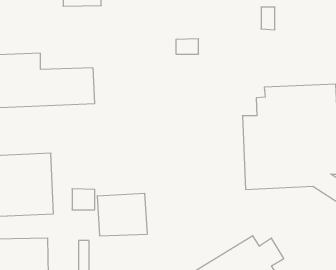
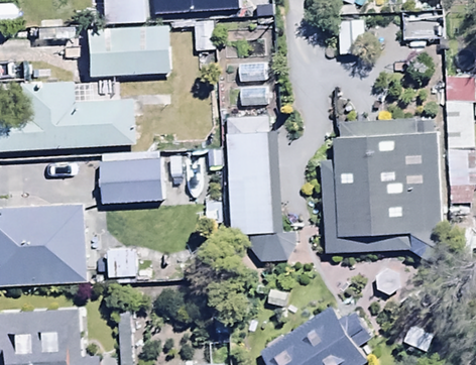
building: none -> [85,25,170,78]
building: none -> [227,118,296,261]
building: [97,194,147,236] -> [100,152,162,205]

